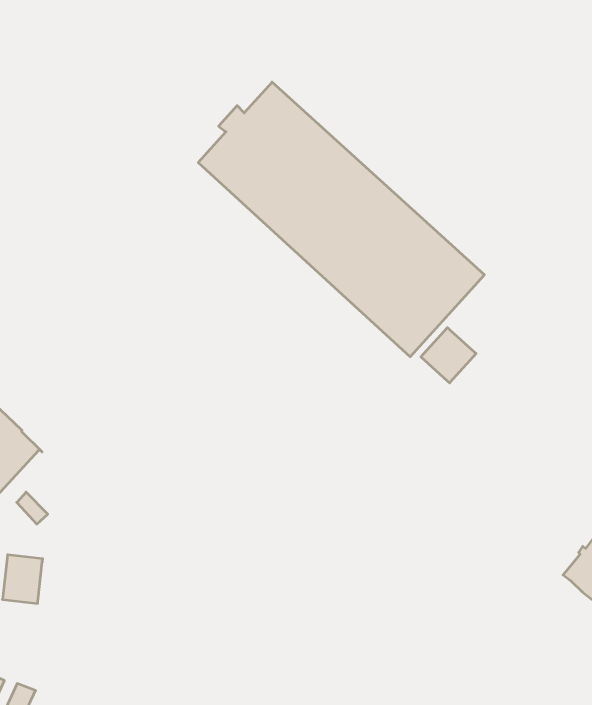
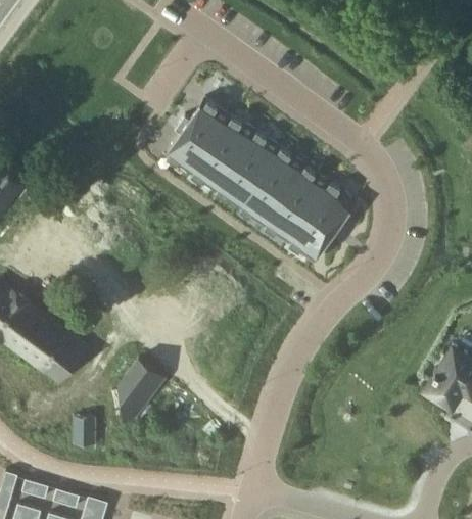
building: [421,328,476,383] -> none
building: none -> [120,360,166,422]

